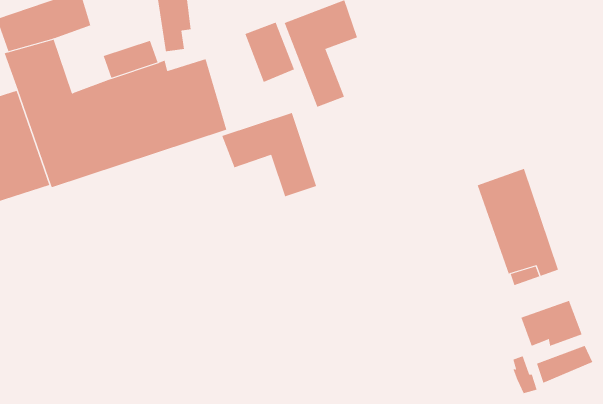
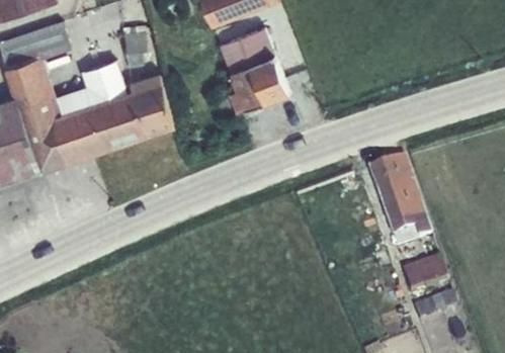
building: [244,22,295,83] -> [251,56,289,102]
building: [222,112,317,197] -> none

